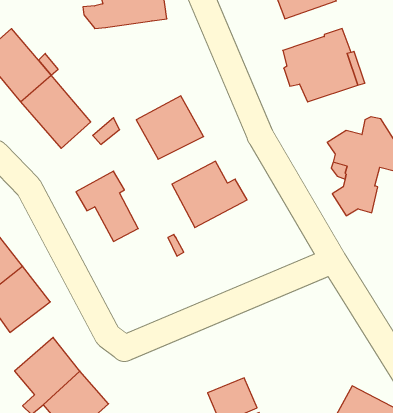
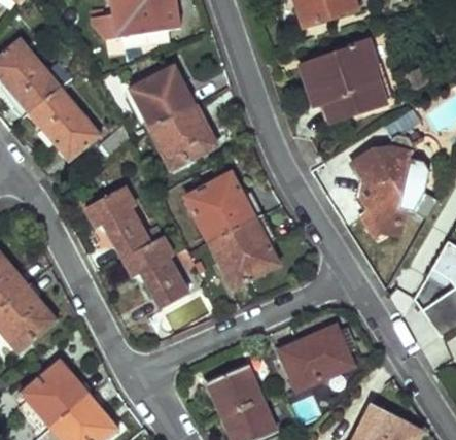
building: none -> [129,70,206,132]
building: none -> [209,215,279,289]
building: none -> [125,237,188,309]
building: none -> [281,328,352,391]
building: none -> [208,367,260,416]

